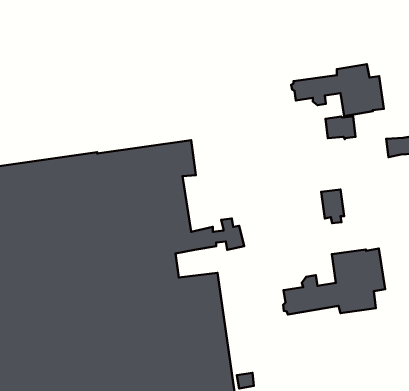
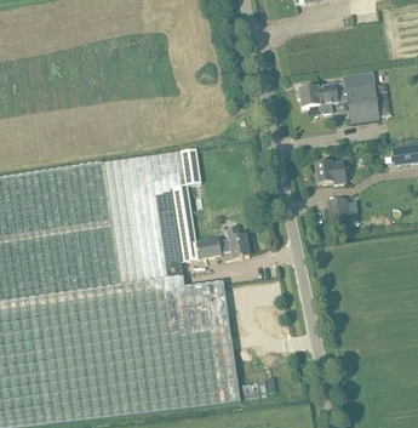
building: [325,116,356,139] -> [314,161,344,184]
building: [283,248,385,314] -> none

